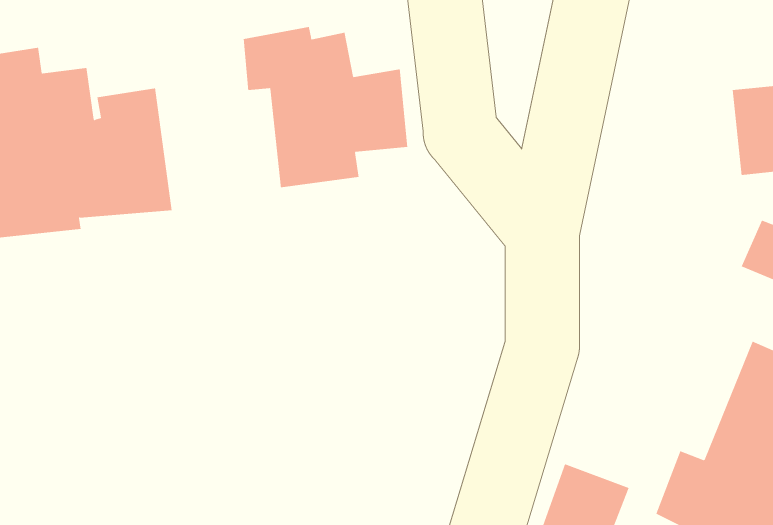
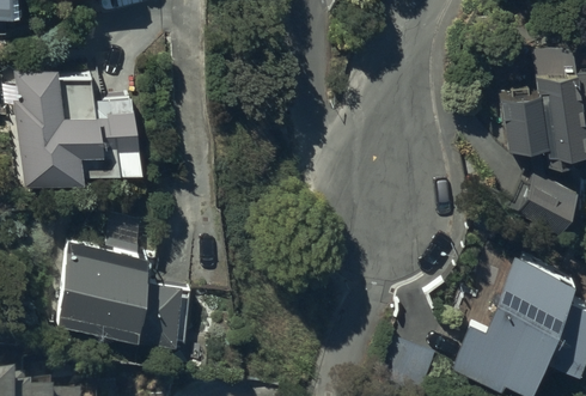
building: [243,26,408,188] -> none
building: none -> [60,238,190,347]

